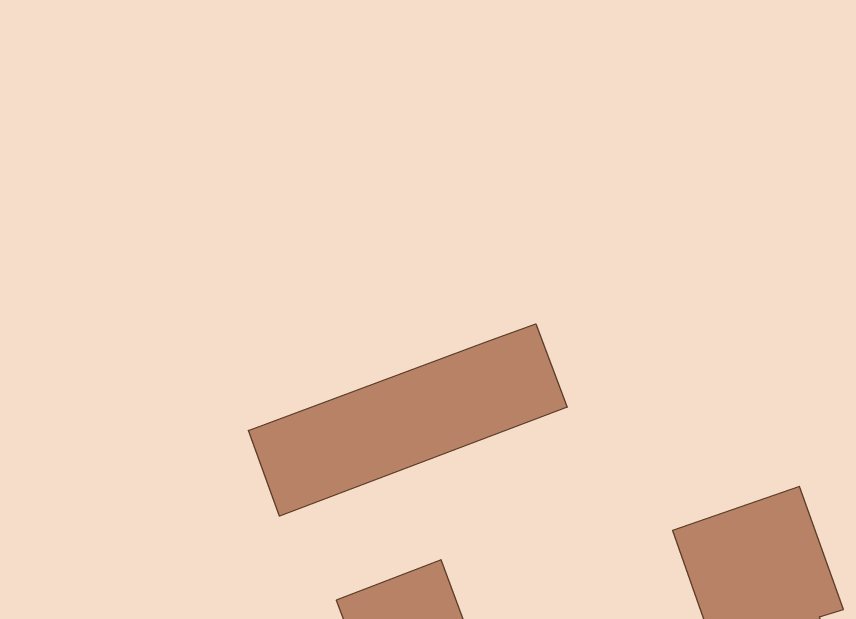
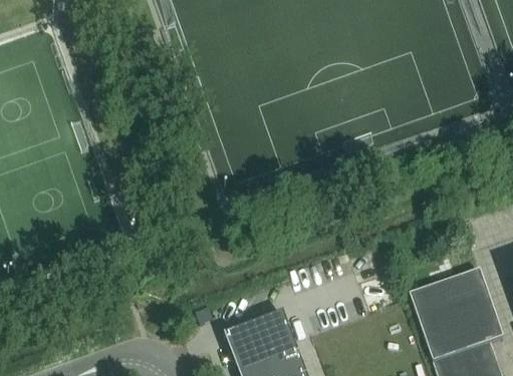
building: [248,324,567,516] -> none

